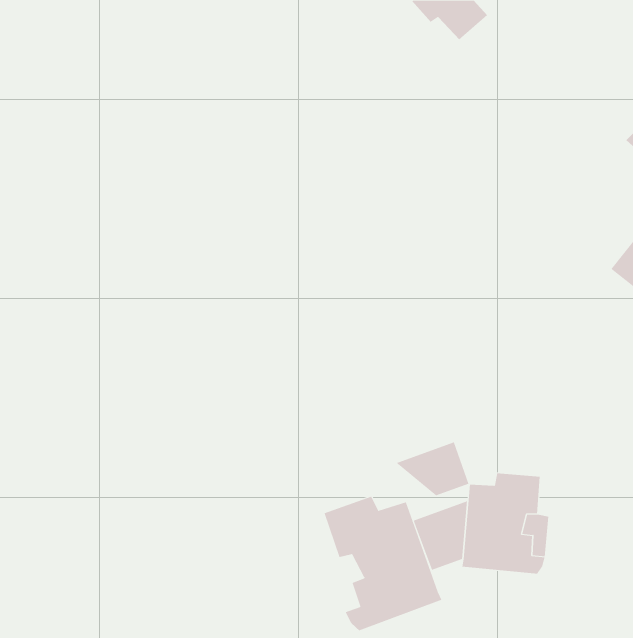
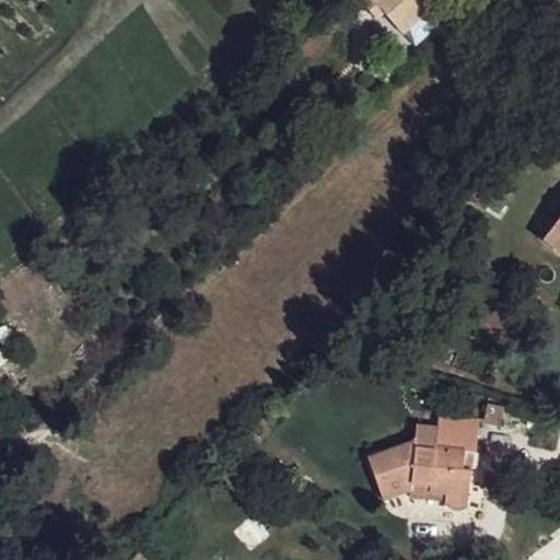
building: [396,441,469,496] -> none
building: [324,496,442,631] -> none

